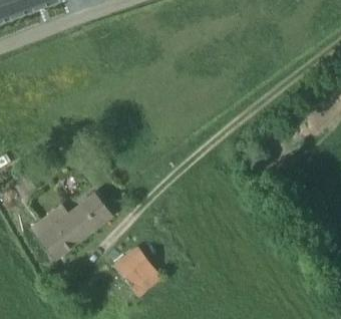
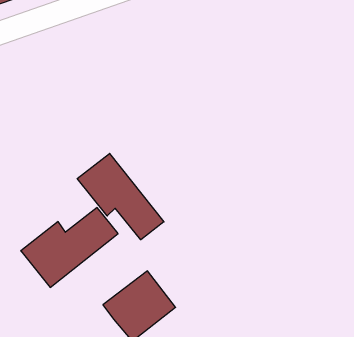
building: none -> [77,153,164,240]

